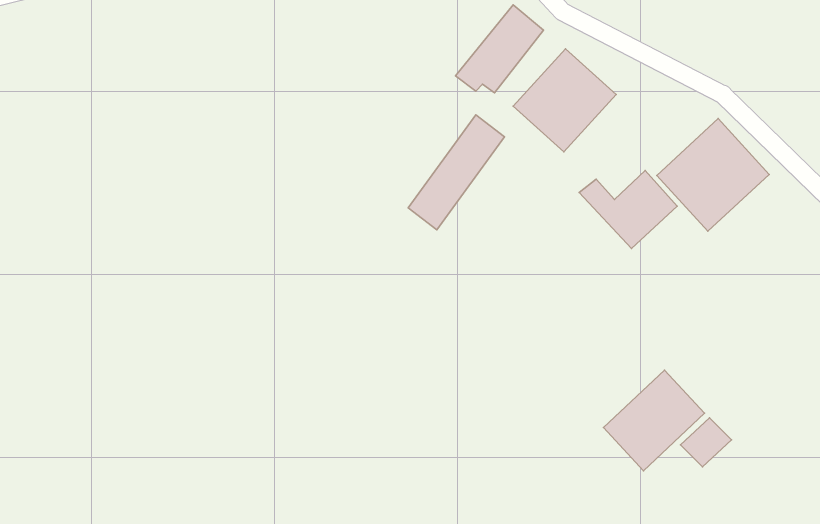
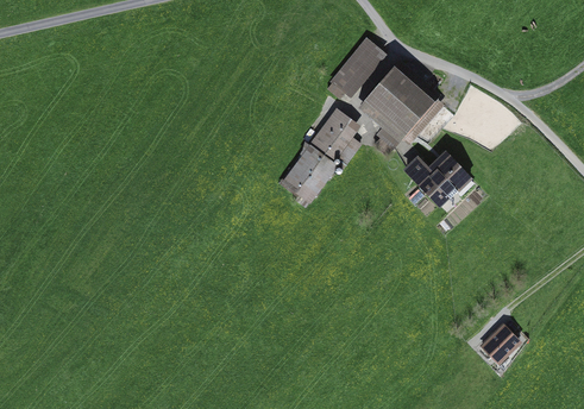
building: [657,119,769,231] -> none
building: [603,370,705,471] -> none

